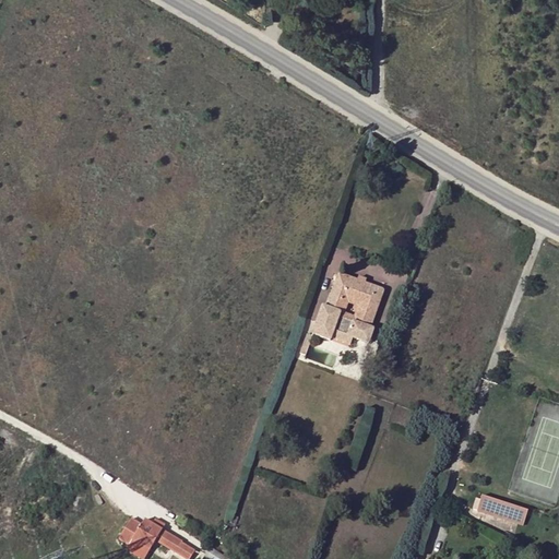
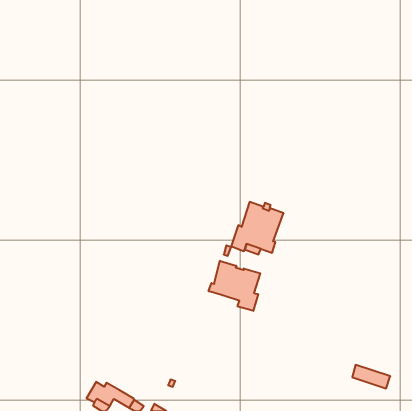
building: none -> [209,261,260,311]

